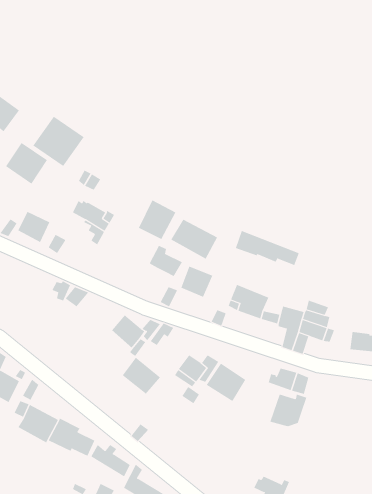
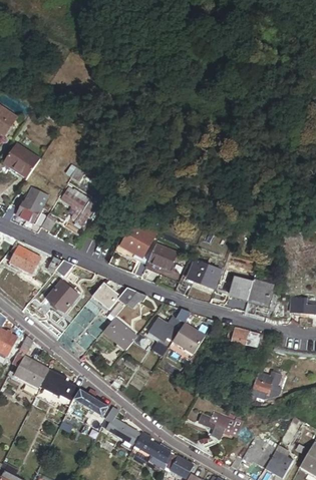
building: [32,116,84,167] -> none
building: [138,199,176,240] -> none
building: [171,219,218,260] -> none
building: [235,230,300,266] -> none
building: none -> [10,244,41,274]
building: none -> [47,282,78,313]
building: [269,394,307,427] -> [251,371,282,398]

